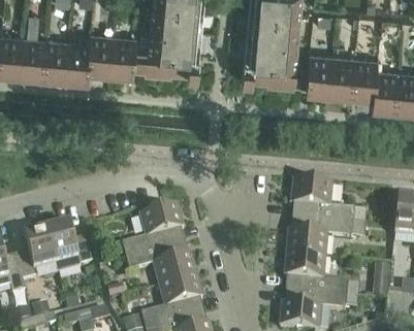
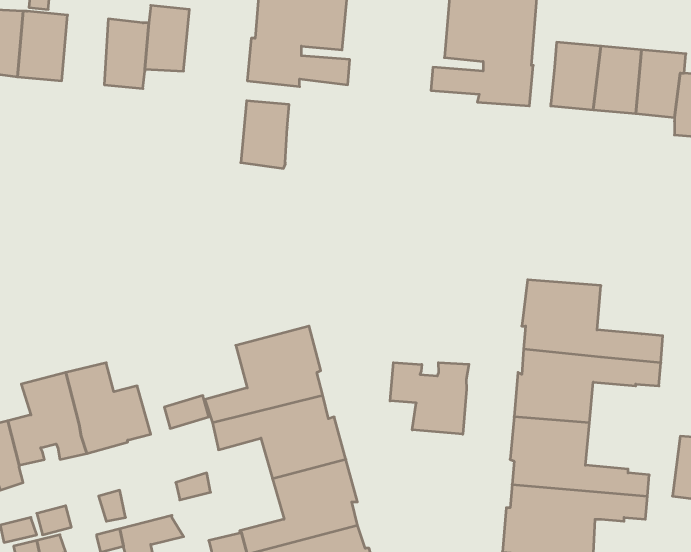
building: [109,38,135,74] -> [241,101,289,168]
building: [44,41,69,79] -> none
building: none -> [390,363,469,434]

